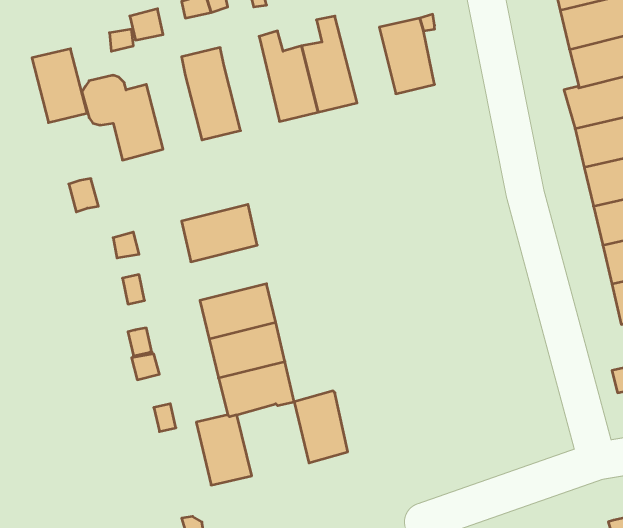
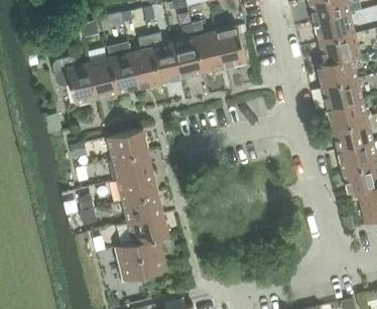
building: none -> [191,22,224,72]
building: none -> [130,36,160,88]
building: [32,49,87,123] -> [88,57,118,98]
building: none -> [112,150,153,180]
building: [294,391,348,463] -> [137,237,166,276]

